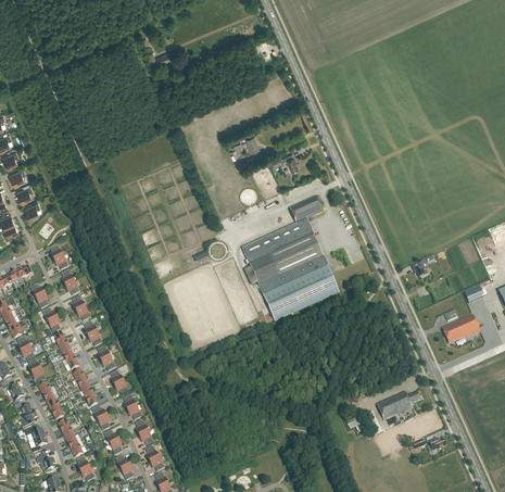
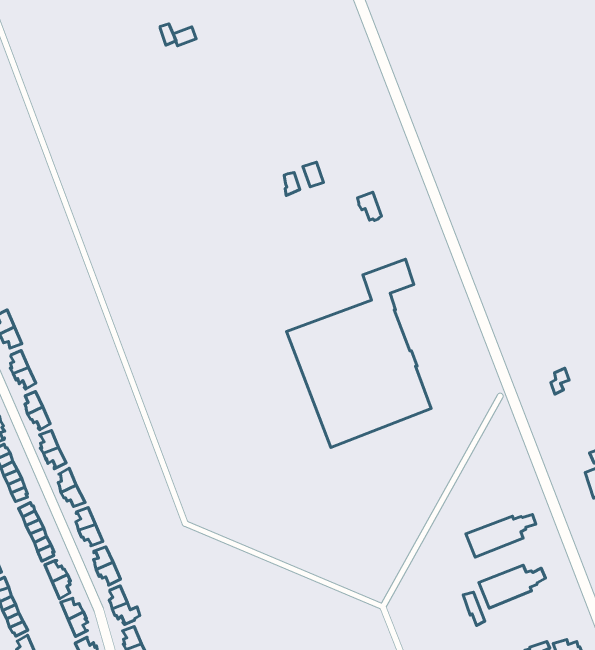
building: none -> [466,514,536,557]

